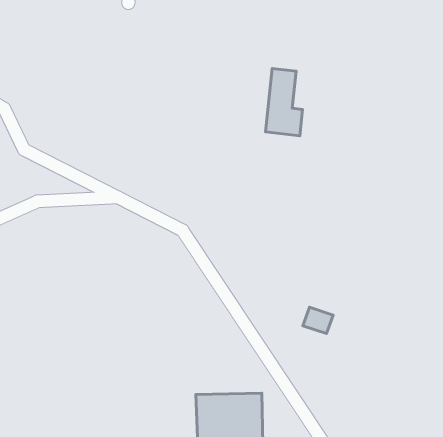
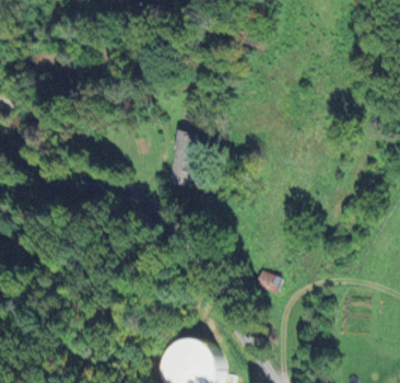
building: [266,69,303,136] -> [172,131,202,187]

